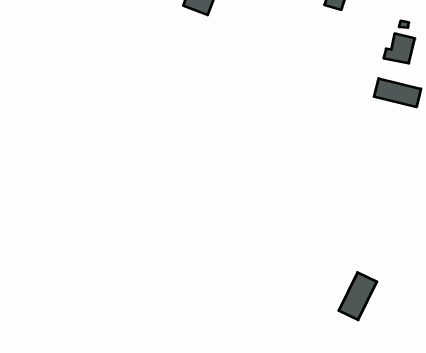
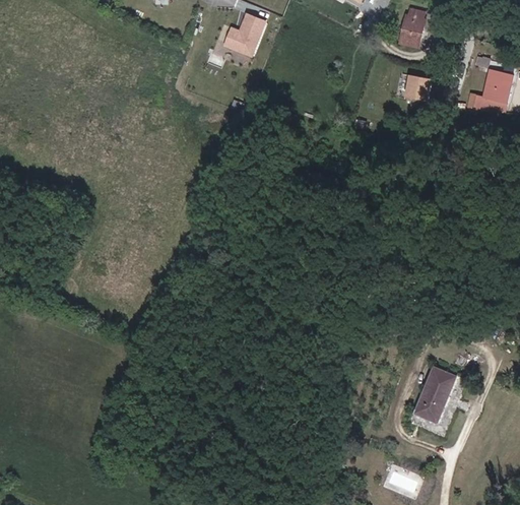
building: none -> [405,72,434,100]
building: [374,78,421,107] -> none

